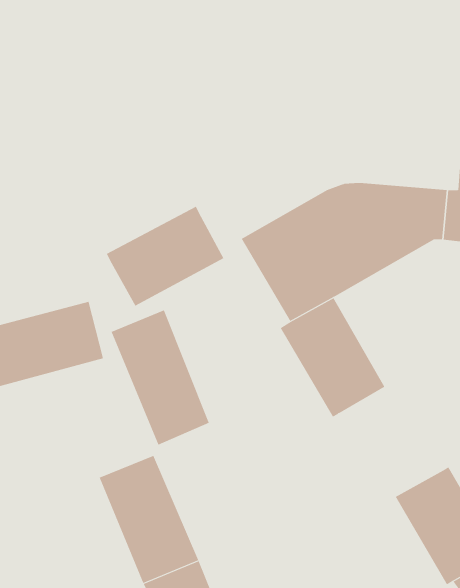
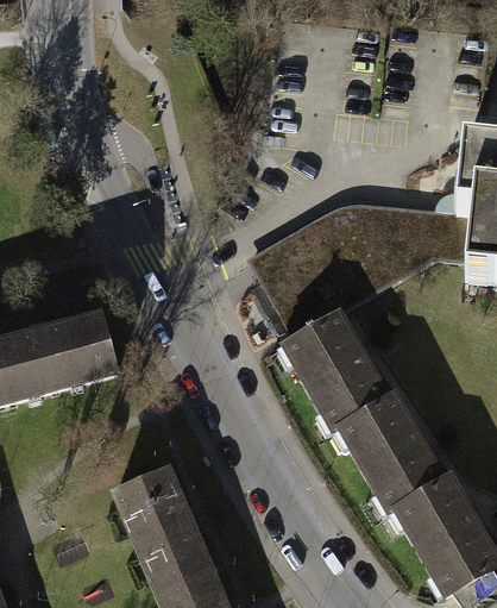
building: [106,206,224,307] -> none
building: [111,309,210,445] -> none
building: none -> [344,399,445,513]

